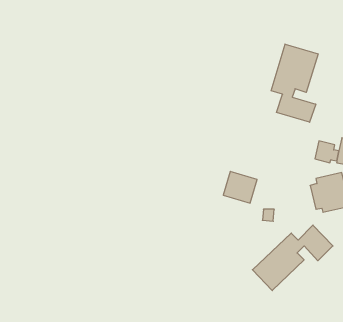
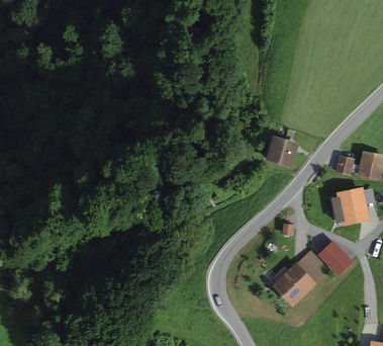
building: [271,44,318,122] -> none
building: [223,171,257,203] -> [265,136,299,168]

